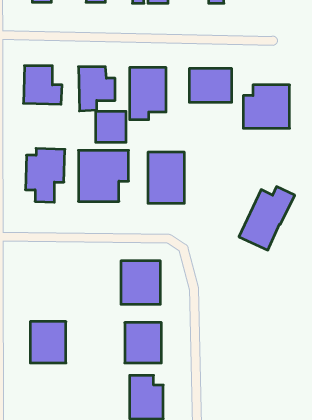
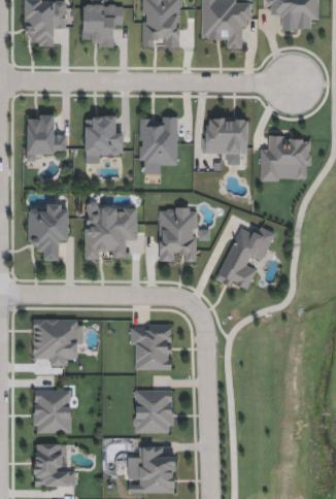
building: [96,111,126,142] -> none
building: [239,187,295,250] -> [216,225,276,293]
building: none -> [33,319,82,365]
building: none -> [34,443,76,487]

